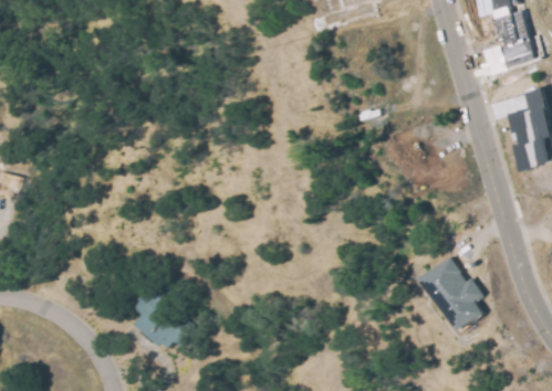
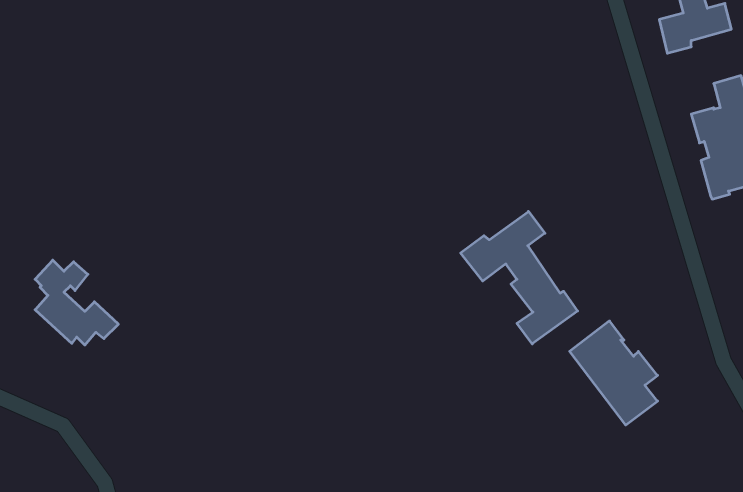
building: none -> [461,211,578,344]
building: [134,288,191,347] -> [35,260,118,345]

